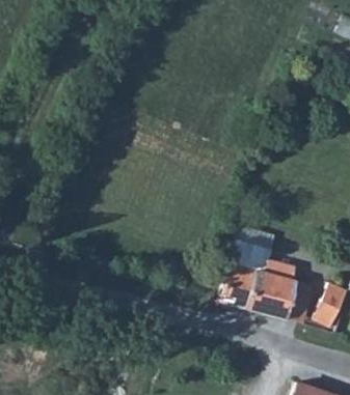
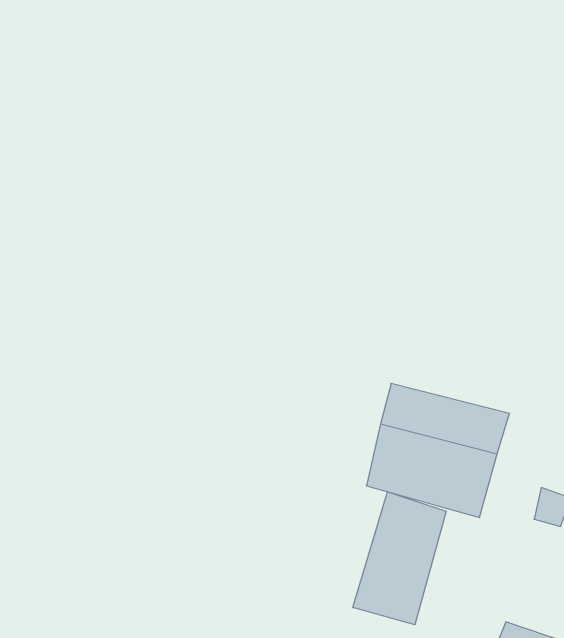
building: none -> [353,492,446,625]

